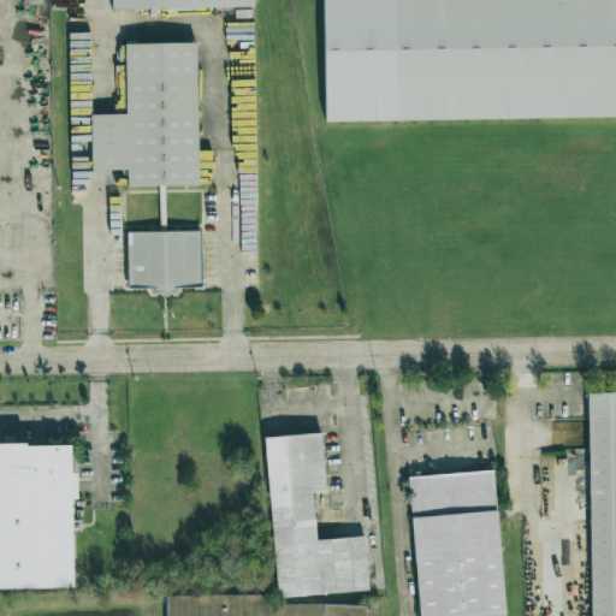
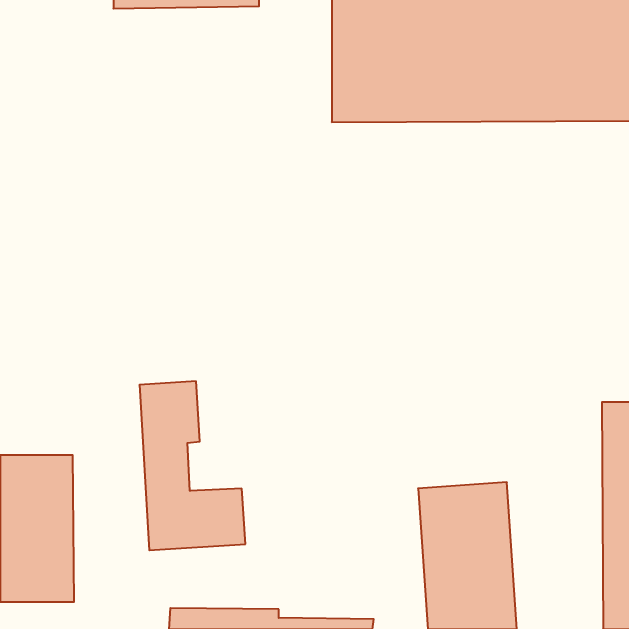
building: [93,43,199,185] -> none
building: [129,230,202,289] -> none
building: [266,432,369,597] -> [139,381,245,550]

